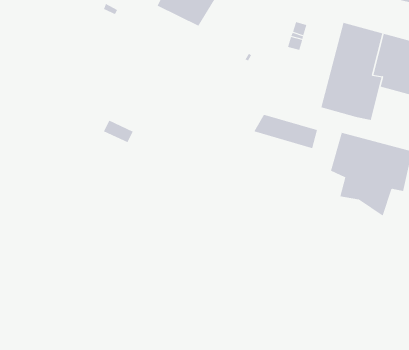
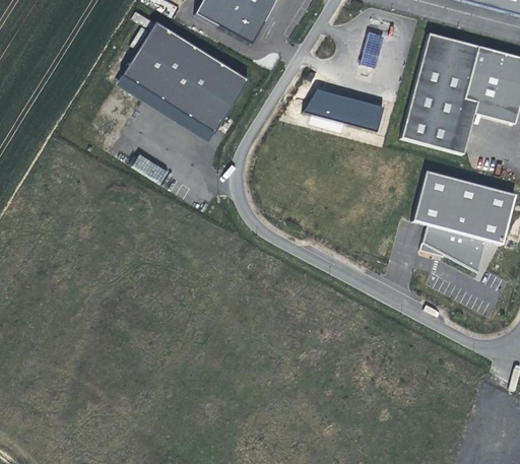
building: none -> [122,16,254,134]
building: [253,114,318,149] -> [305,89,384,132]

